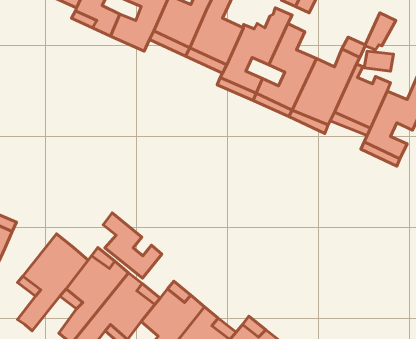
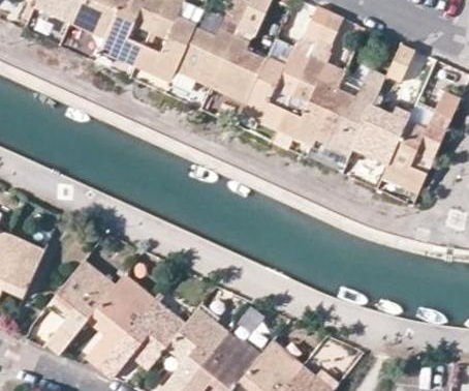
building: [103,213,162,278] -> none

